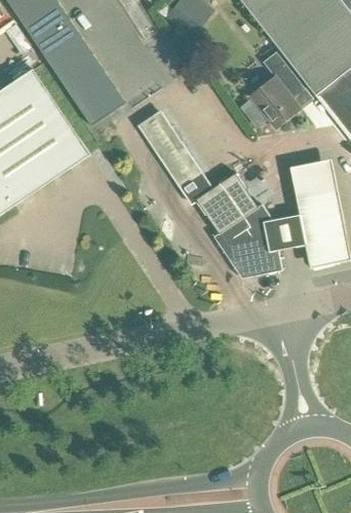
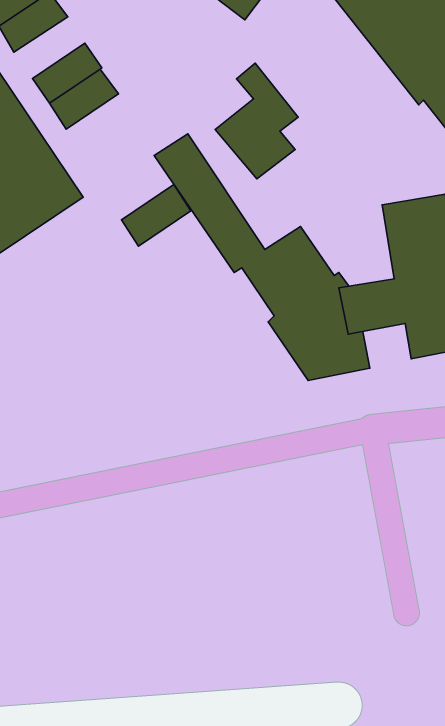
building: [45,35,91,76] -> none
building: [248,53,304,131] -> [215,63,298,179]
building: [79,86,125,127] -> [122,185,191,246]

